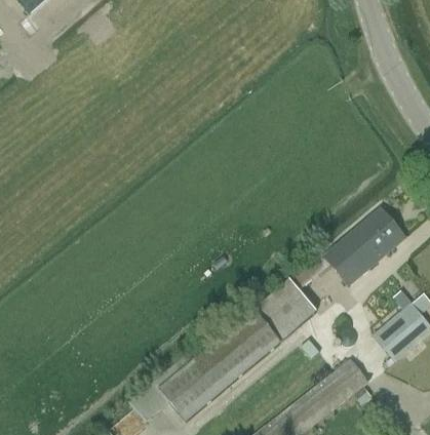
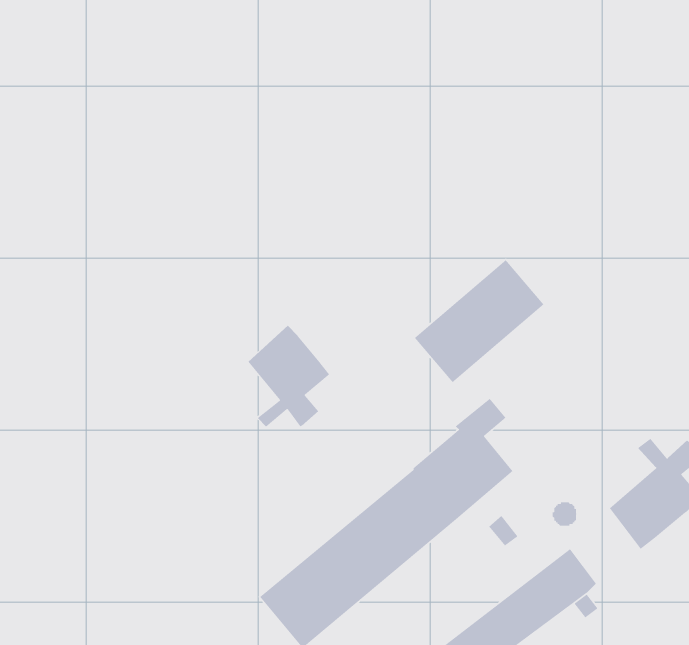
building: [324,208,404,284] -> [414,259,544,383]
building: none -> [247,325,330,428]

